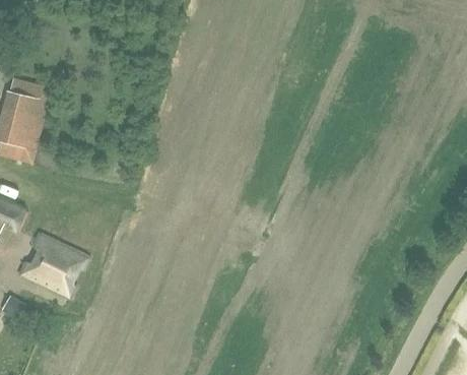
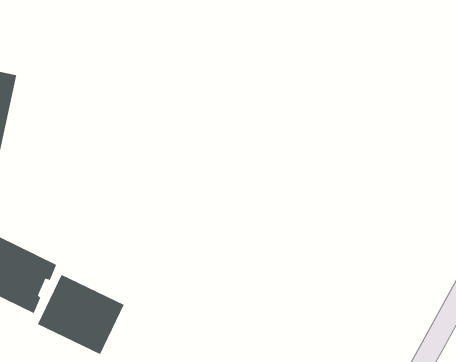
building: none -> [37,274,125,355]

